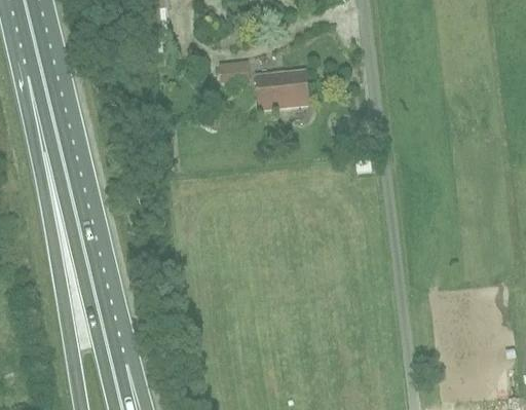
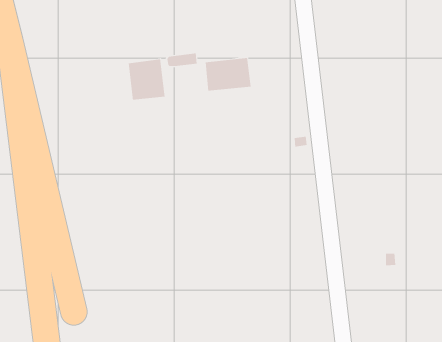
building: none -> [128,59,165,100]

